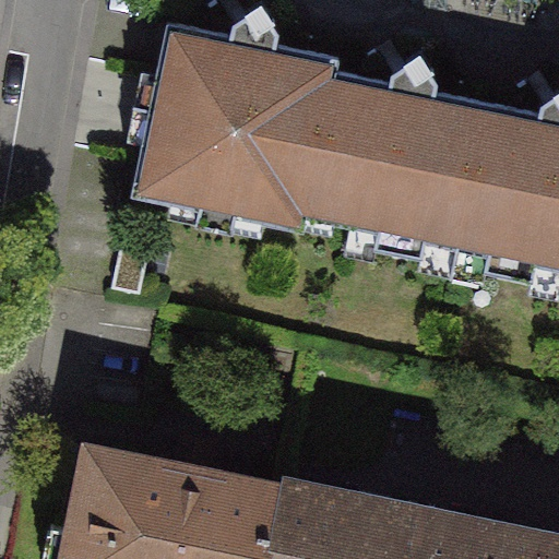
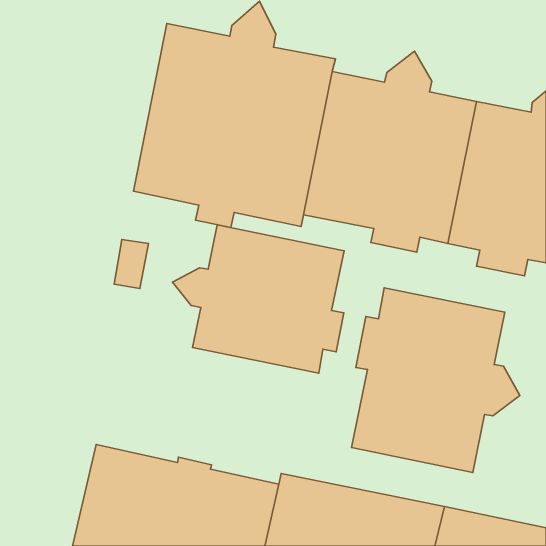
building: none -> [173,225,344,373]
building: none -> [351,288,520,472]

